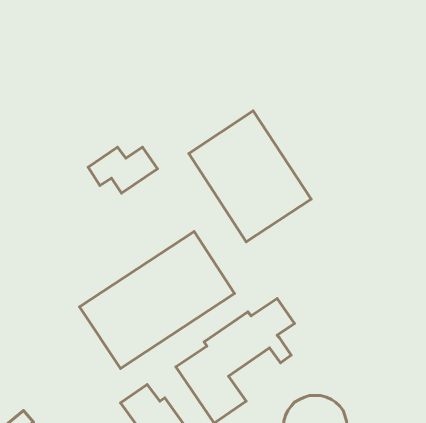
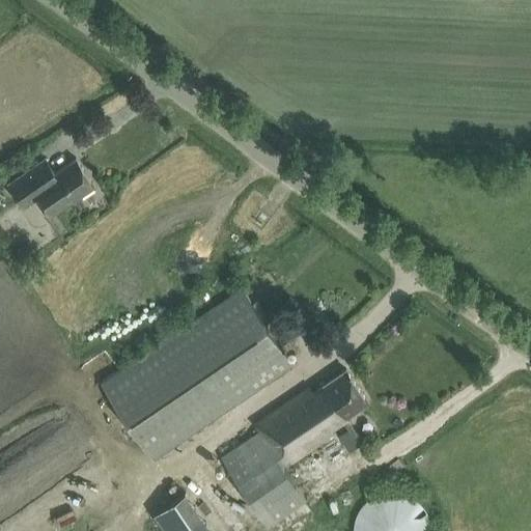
building: [189,111,311,242] -> none
building: [88,147,158,193] -> [6,163,92,220]

